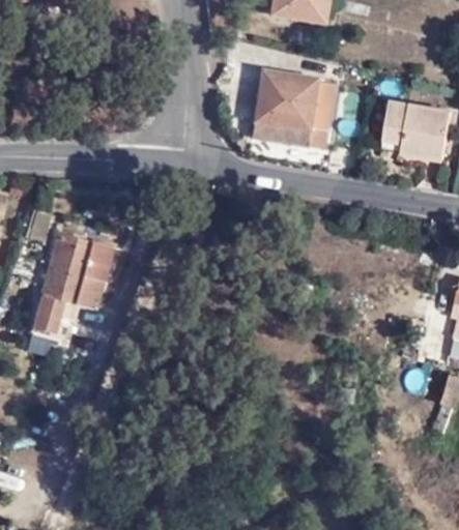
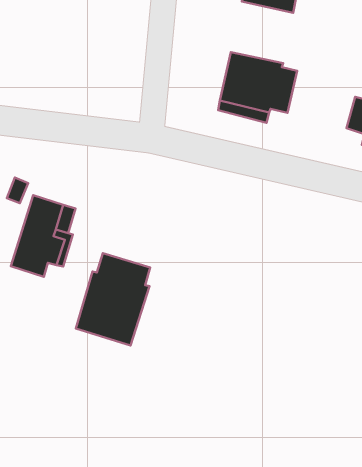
building: none -> [76,253,150,345]
building: [34,313,76,346] -> none

